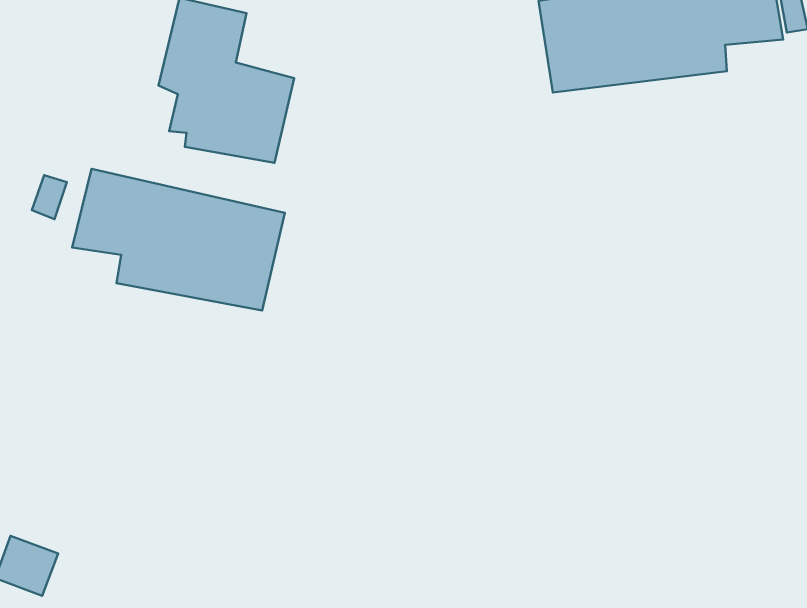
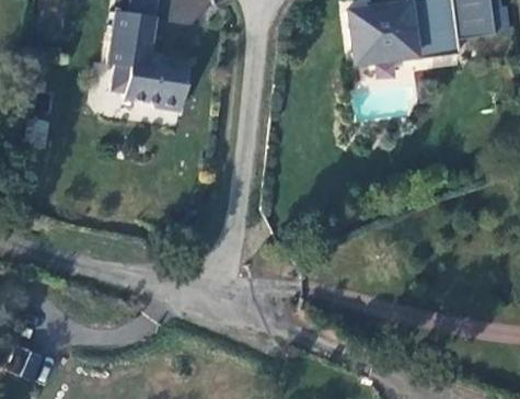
building: [72,169,285,311] -> none

